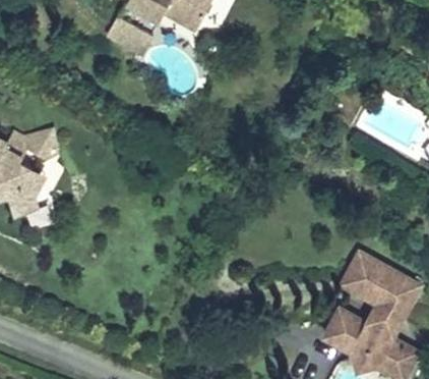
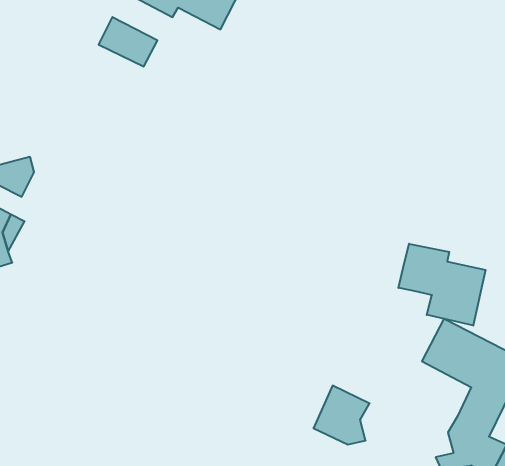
building: none -> [398,244,486,326]
building: [327,309,369,353] -> [313,386,370,444]

